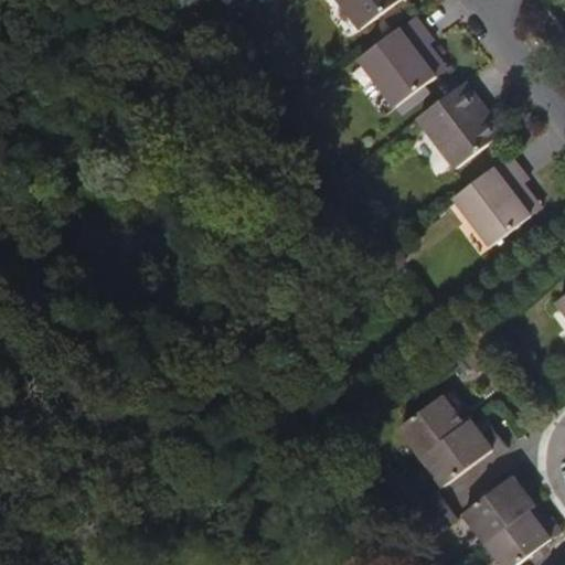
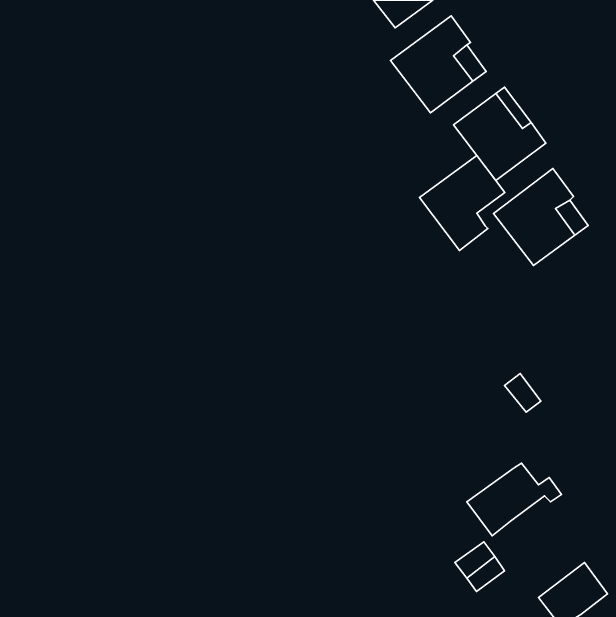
building: none -> [419,155,505,250]
building: [403,401,468,459] -> none
building: [467,481,537,546] -> none

